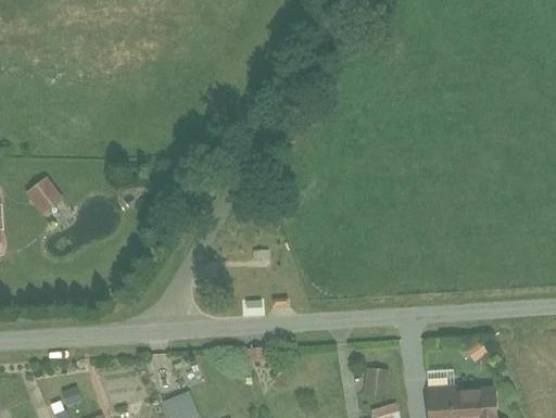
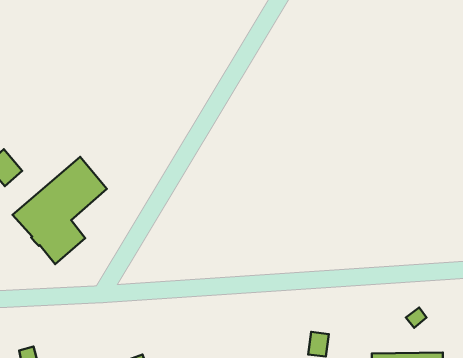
building: none -> [13,157,107,264]

